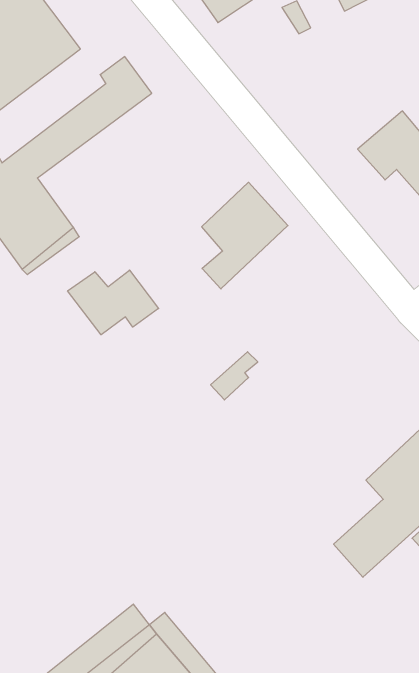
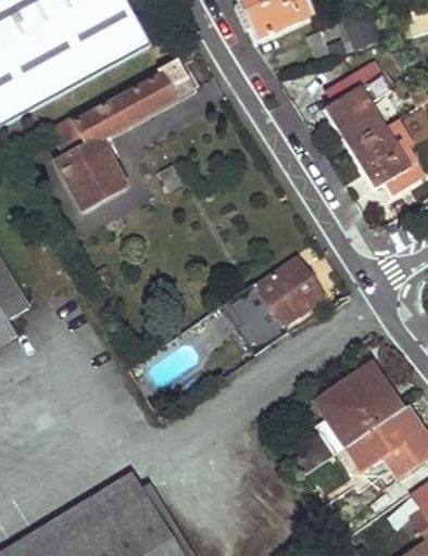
building: none -> [323,63,392,152]
building: [202,182,288,289] -> [254,258,324,336]
building: [68,270,159,335] -> none

